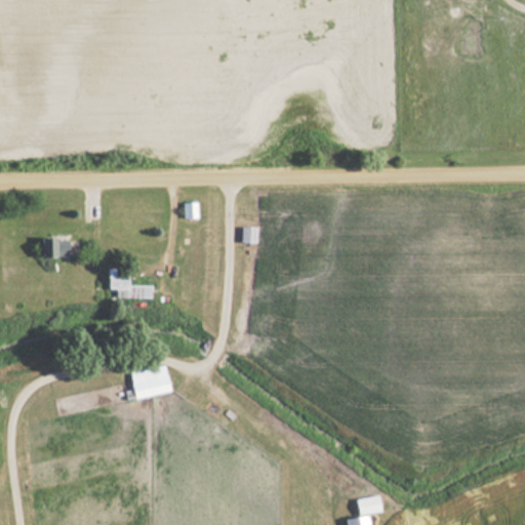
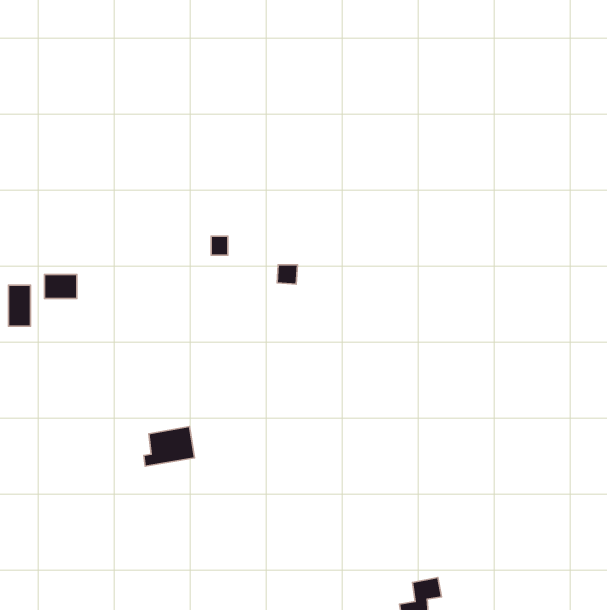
building: none -> [9,285,30,326]
building: [109,269,153,298] -> none

